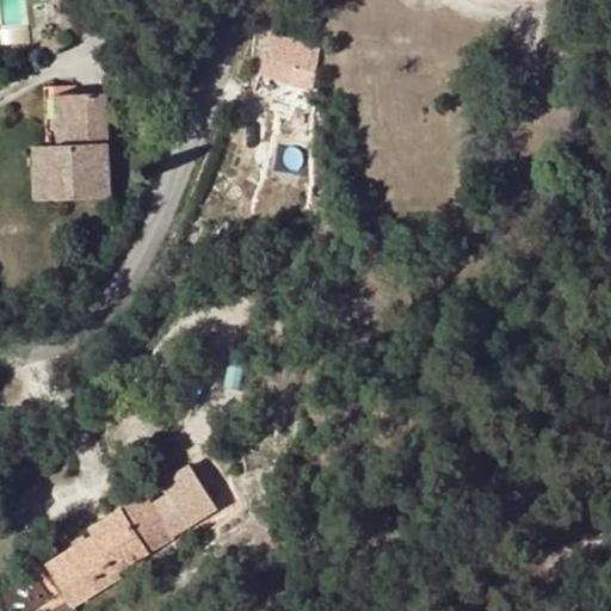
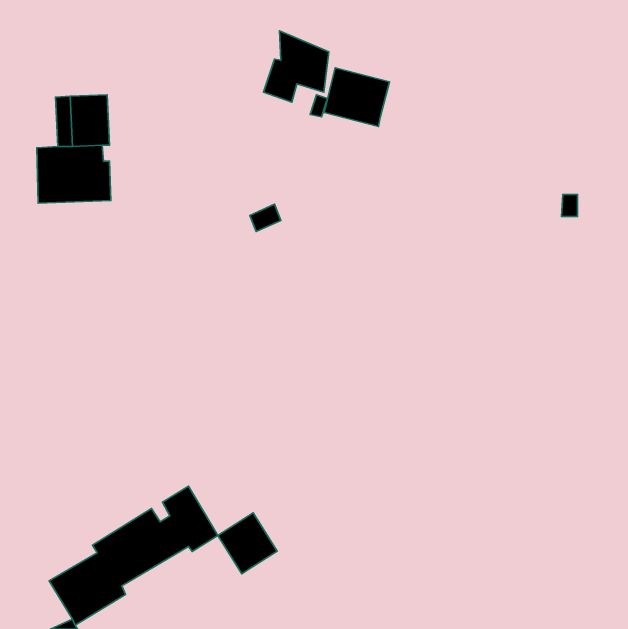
building: none -> [324,68,389,127]
building: none -> [218,513,277,574]

